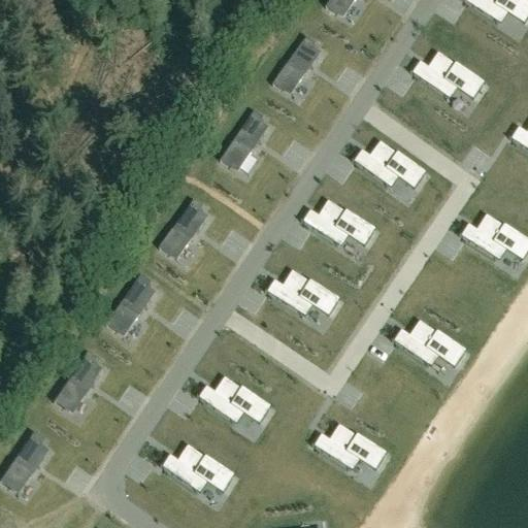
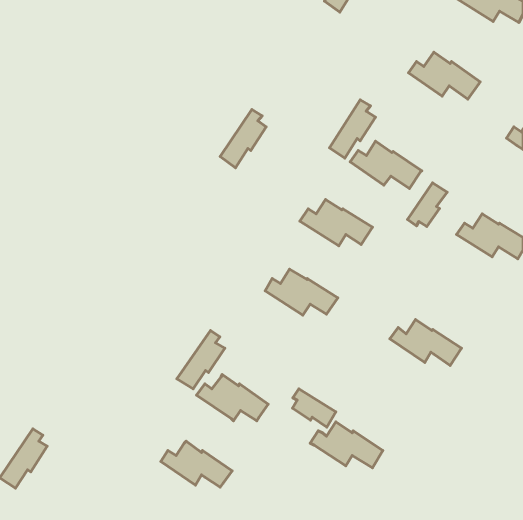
building: [274,33,321,92] -> [329,100,375,158]
building: none -> [408,183,447,226]
building: [161,199,208,258] -> none
building: [107,275,156,334] -> [177,331,225,389]
building: [55,353,102,410] -> none
building: none -> [293,389,336,427]

